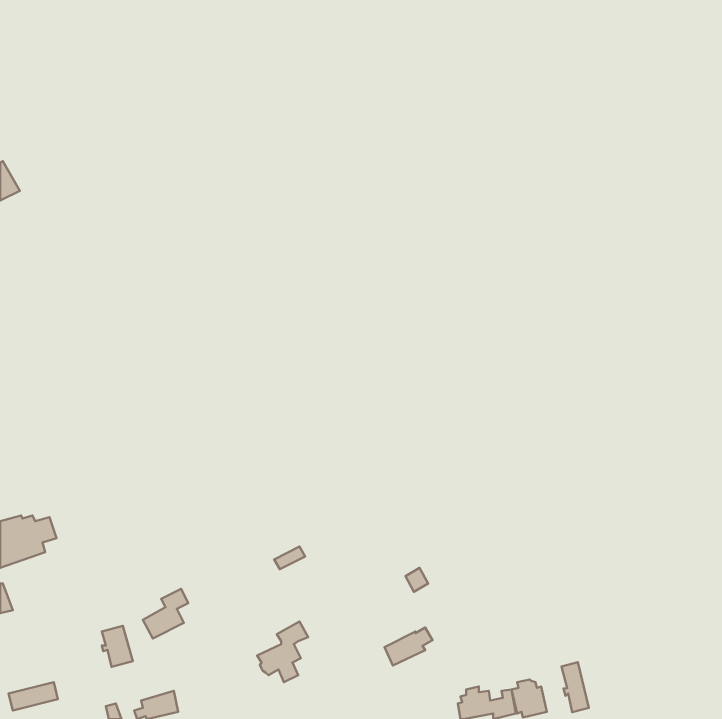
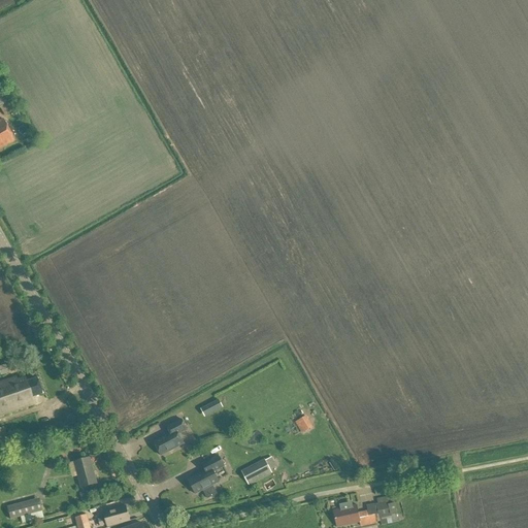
building: [143,589,188,638] -> [154,419,187,455]
building: [384,627,432,666] -> [242,456,277,484]
building: [562,662,589,712] -> none

